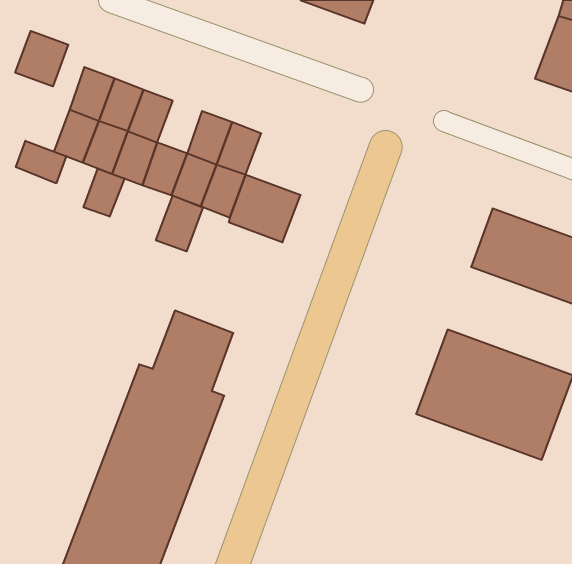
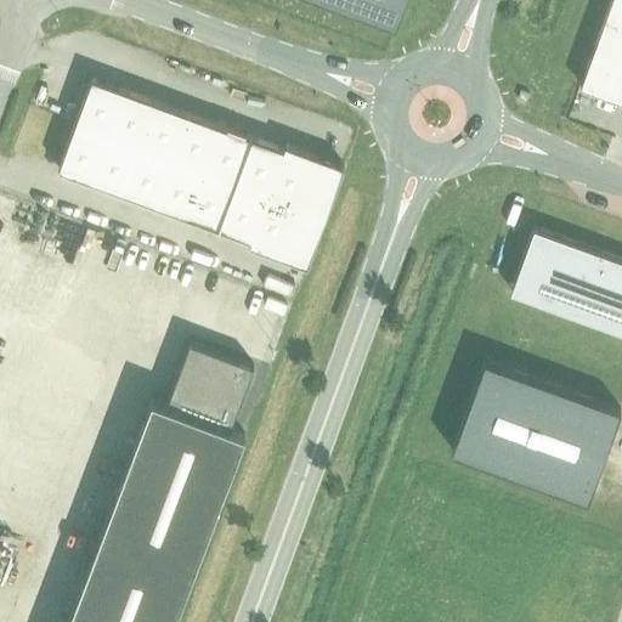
building: [15,31,68,86] -> none
building: none -> [171,119,220,176]
building: none -> [267,149,345,221]
building: [16,141,66,183] -> none
building: [84,169,125,217] -> none
building: [156,196,203,251] -> none

